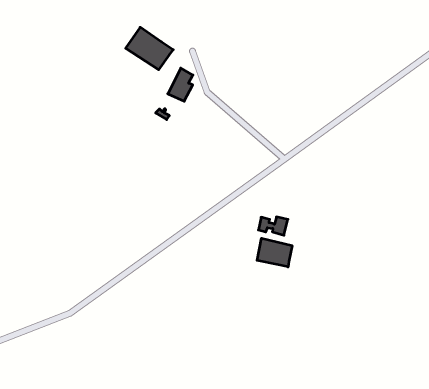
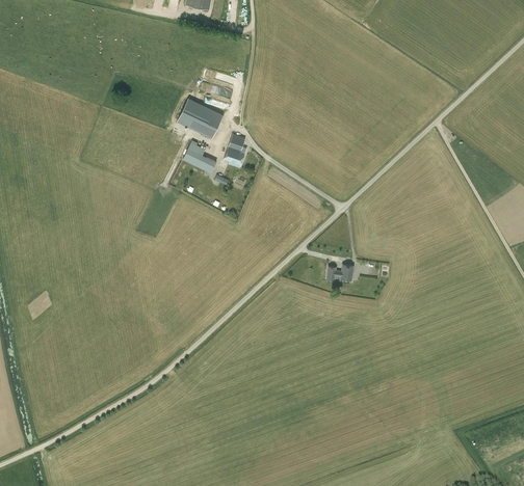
building: none -> [183,142,216,172]
building: [257,238,292,267] -> none

